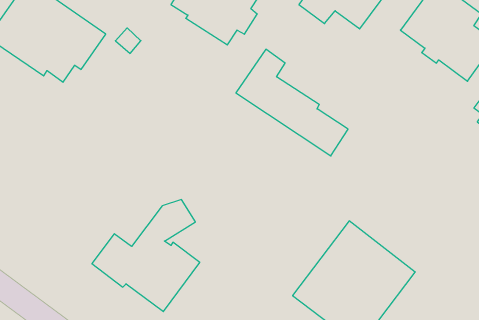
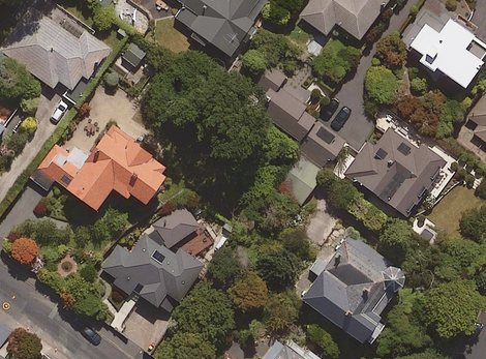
building: none -> [342,124,444,218]
building: none -> [31,127,165,214]

